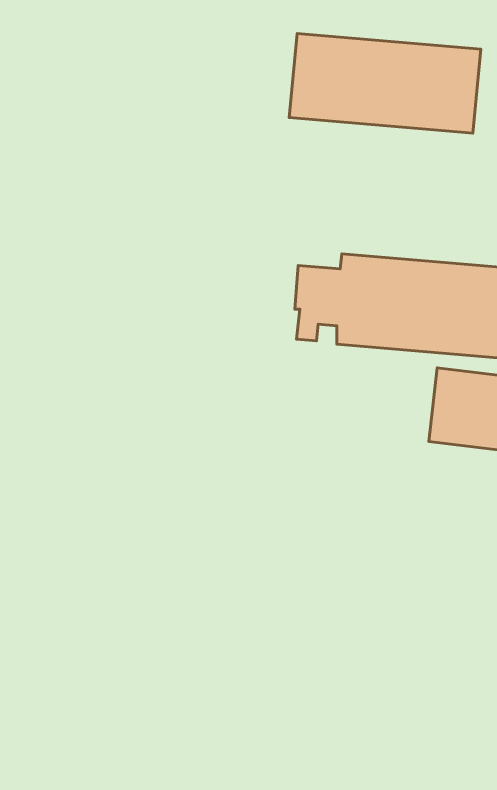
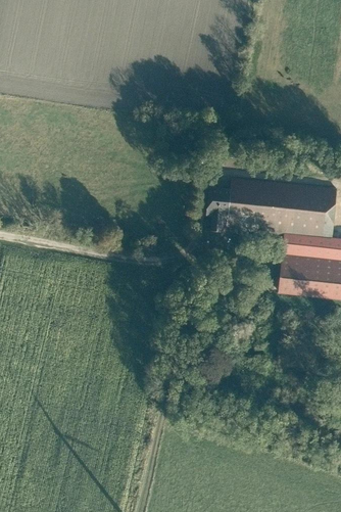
building: [289,34,481,133] -> none

